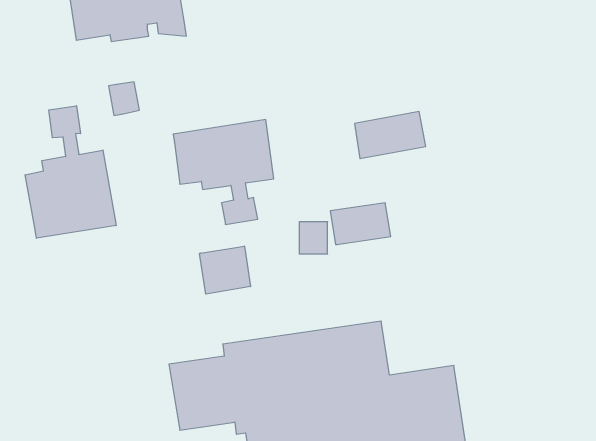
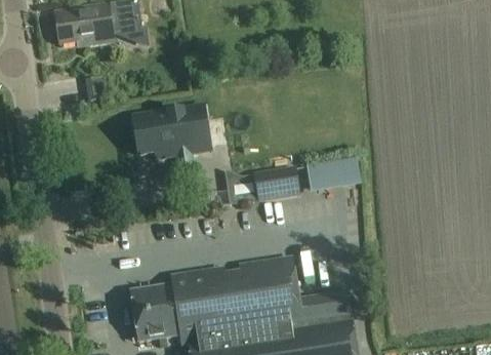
building: [25,106,116,238] -> none
building: [355,111,426,159] -> [306,155,361,191]
building: [200,246,251,294] -> none

